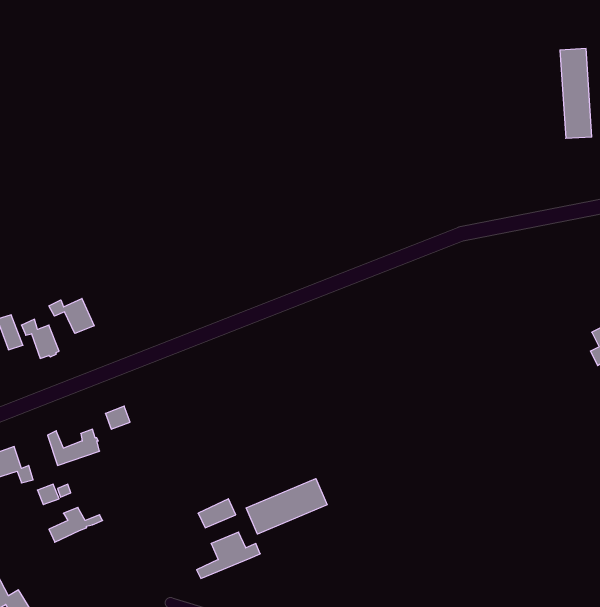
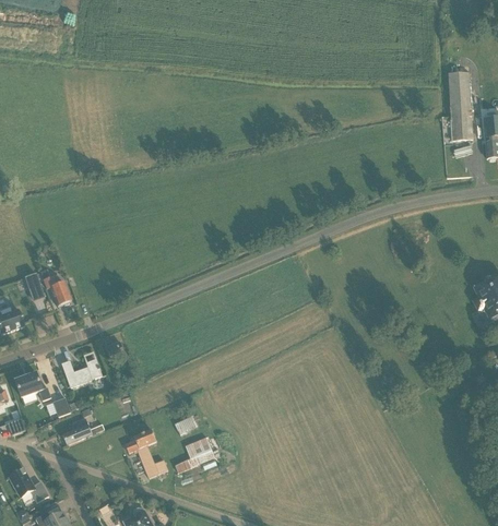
building: [49,298,94,333] -> none
building: [246,479,327,534] -> none
building: none -> [124,429,167,477]

